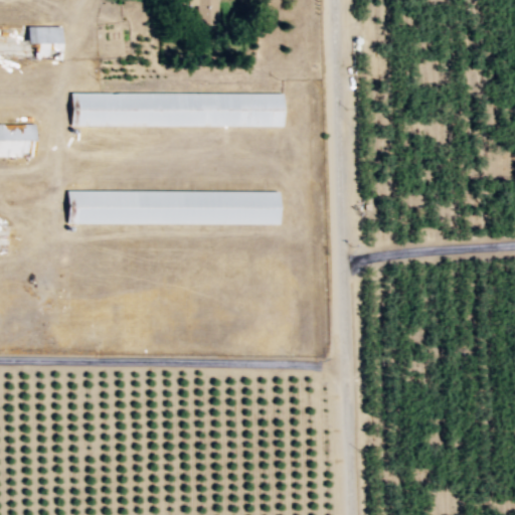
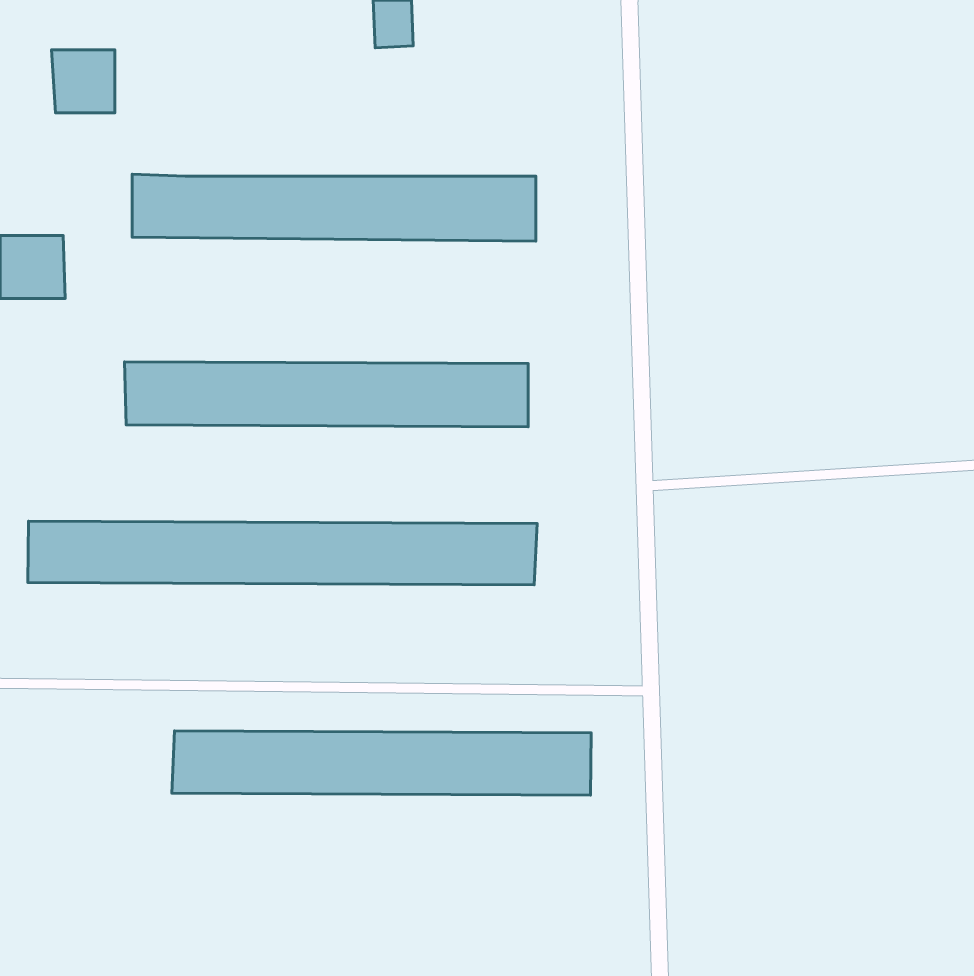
building: none -> [28,521,537,585]
building: none -> [172,731,591,795]

